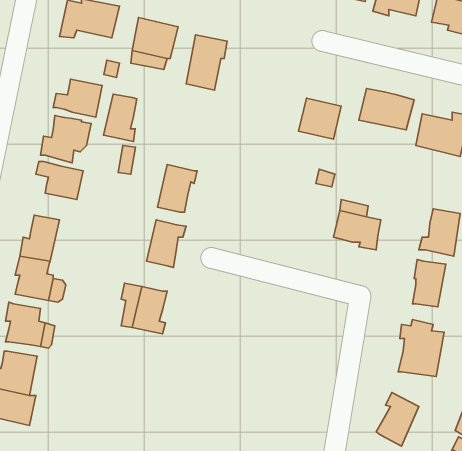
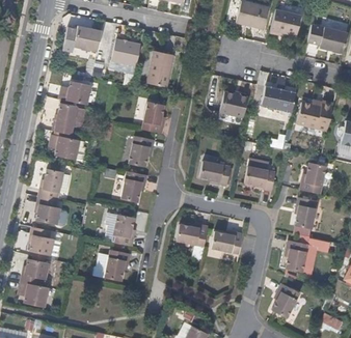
building: [104,94,137,142] -> [142,102,164,133]
building: none -> [198,161,230,187]
building: none -> [176,225,209,258]
building: none -> [211,232,244,255]
building: none -> [104,250,129,280]

